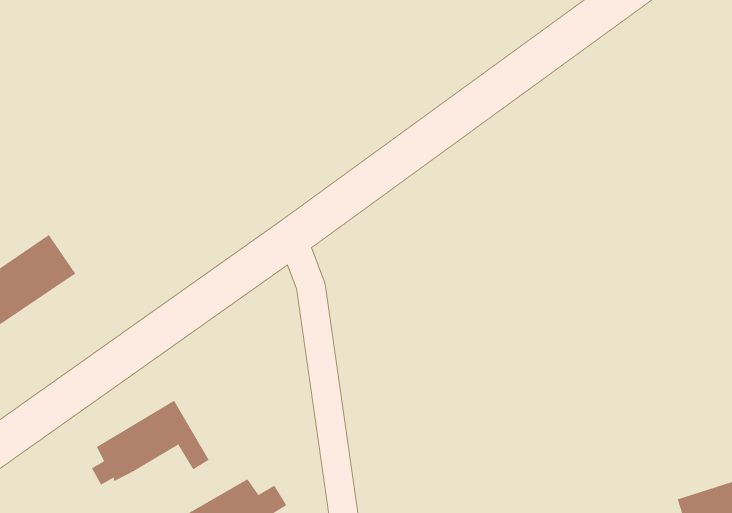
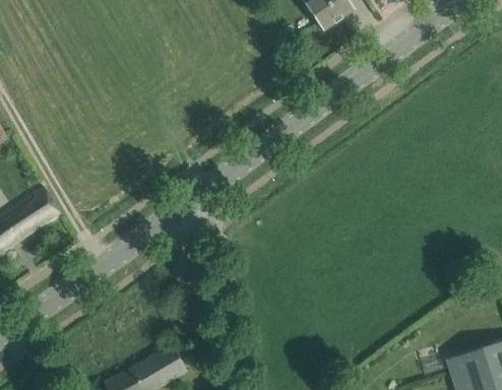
building: [91,400,209,485] -> none

